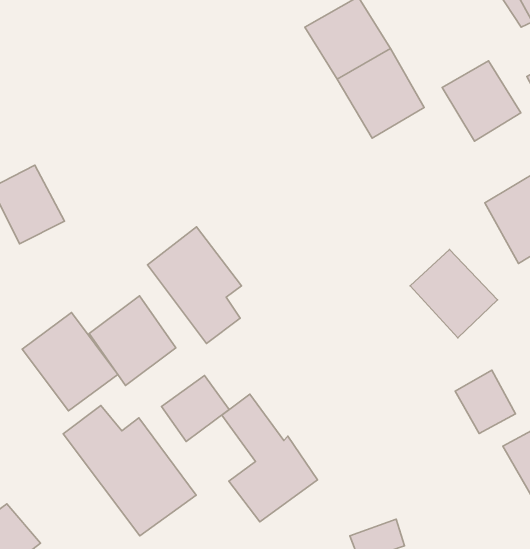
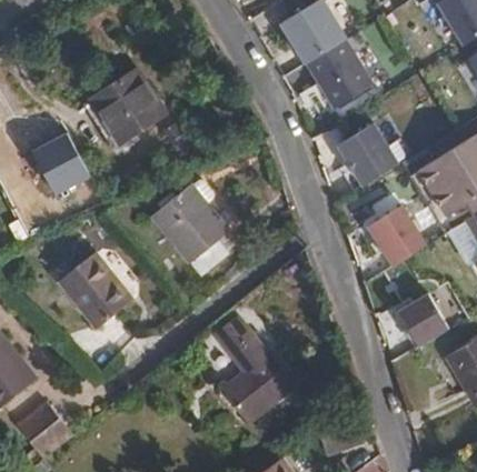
building: [442,61,521,141] -> [337,125,399,189]
building: none -> [86,68,160,141]
building: [89,296,176,385] -> none
building: [161,376,229,441] -> none
building: [63,406,196,536] -> none

